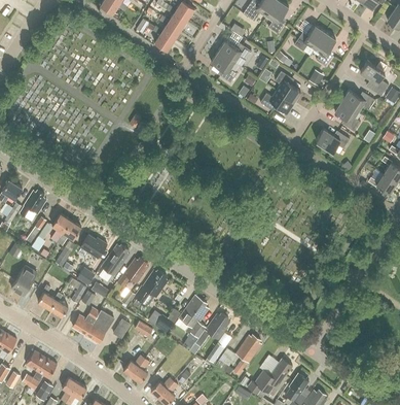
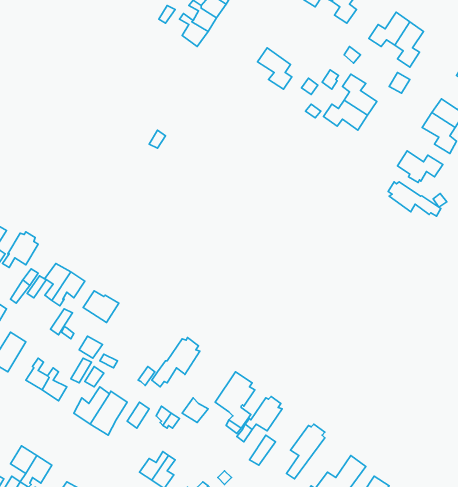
building: [218,40,251,64] -> none
building: none -> [388,182,441,216]
building: [101,244,130,276] -> none
building: [117,257,148,286] -> none

